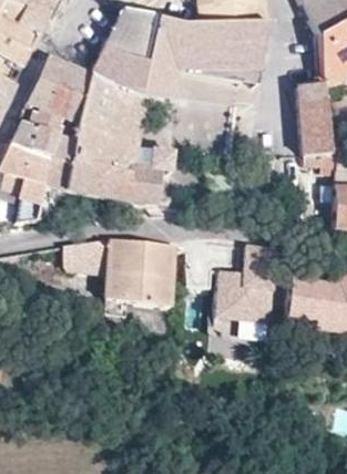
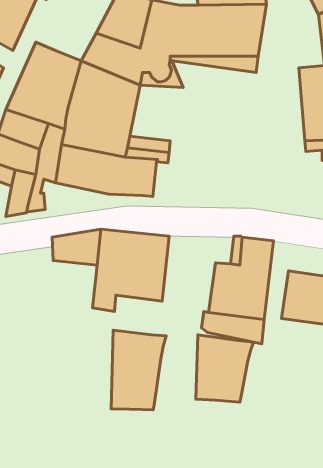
building: none -> [111,330,166,410]
building: none -> [196,335,254,402]

